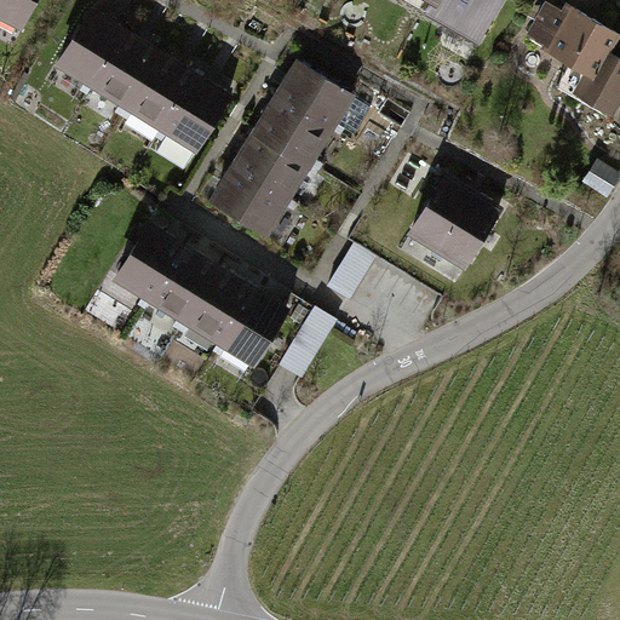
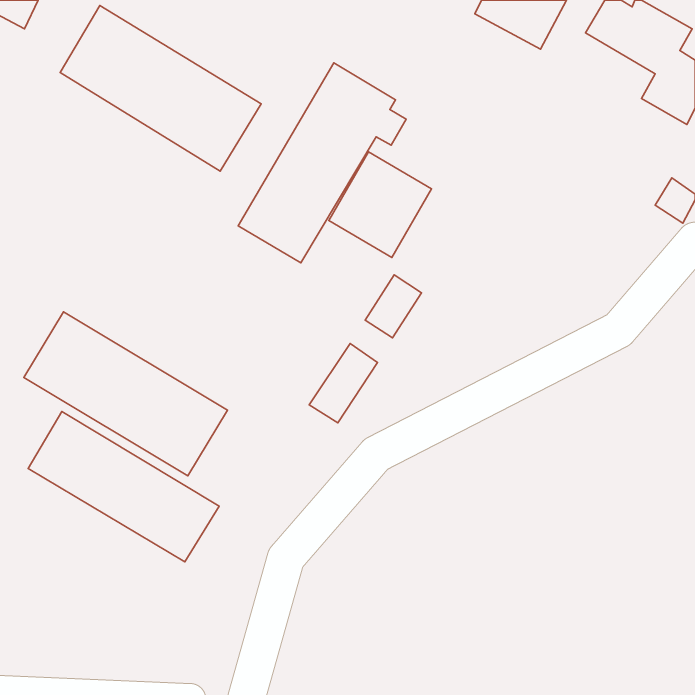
building: [409,176,500,269] -> [329,152,432,257]
building: [111,223,292,368] -> [24,312,228,476]
building: none -> [28,412,219,562]

